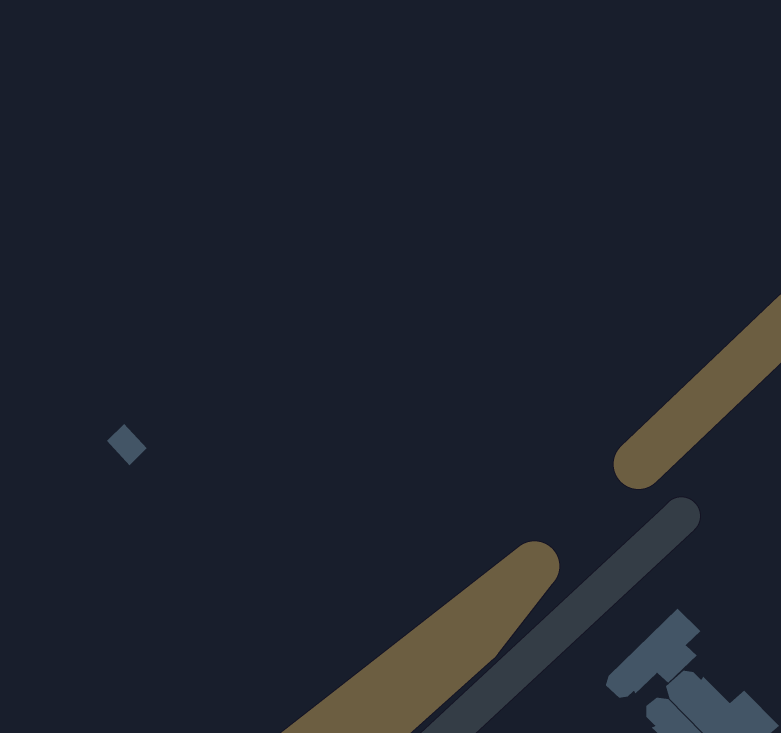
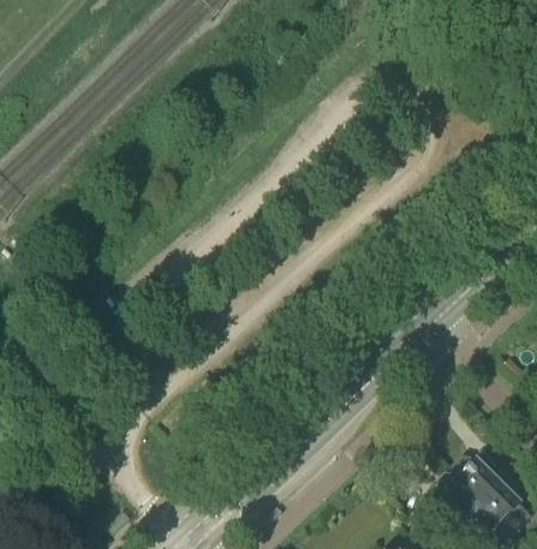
building: [605,608,701,699] -> none

